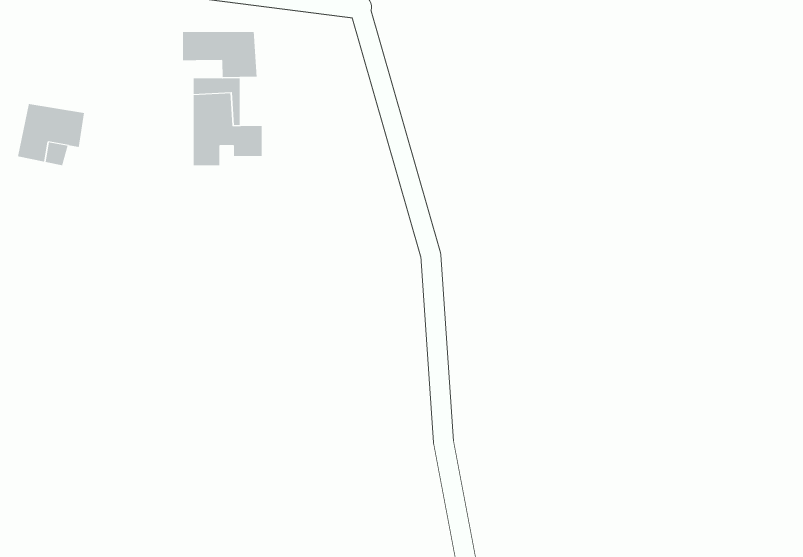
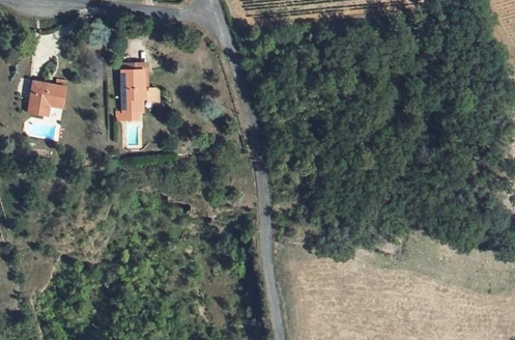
building: [182,31,257,78] -> none

